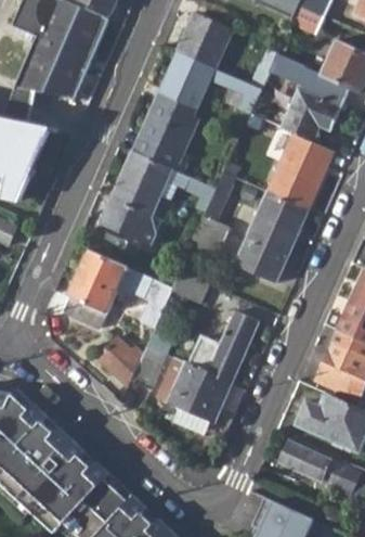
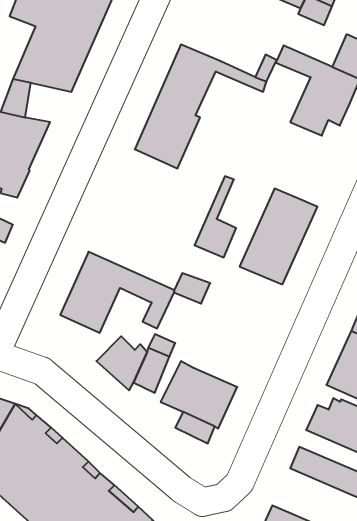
building: [177,16,231,69] -> none
building: [266,132,333,209] -> none
building: [100,154,191,248] -> none
building: [188,311,258,383] -> none

